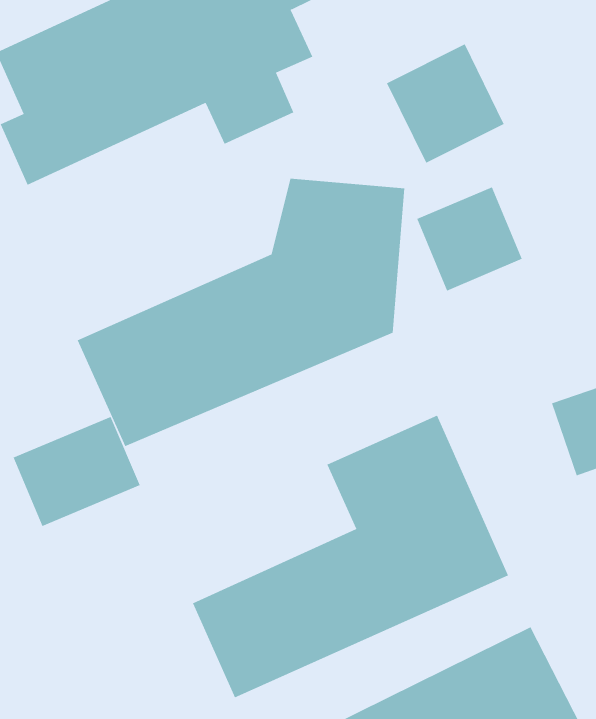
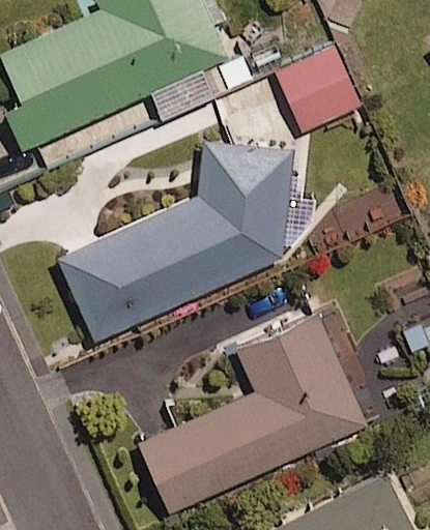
building: [417,186,522,291] -> none
building: [13,416,140,527] -> none

